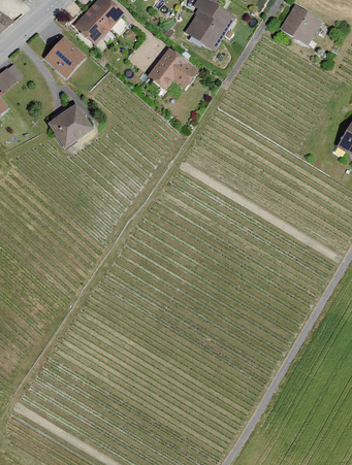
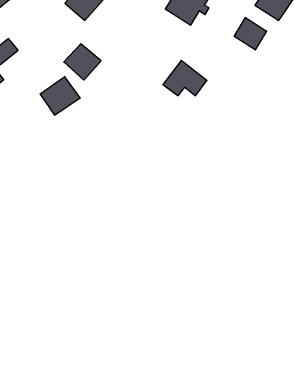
building: [44,38,85,77] -> [64,44,101,80]
building: none -> [234,18,267,50]
building: [150,52,197,90] -> [163,60,207,96]

